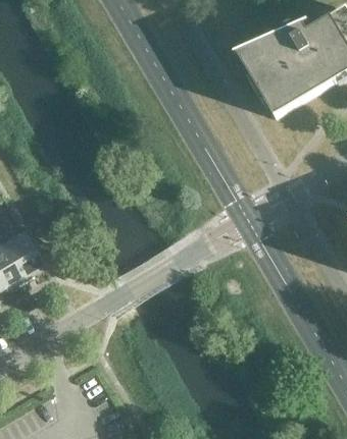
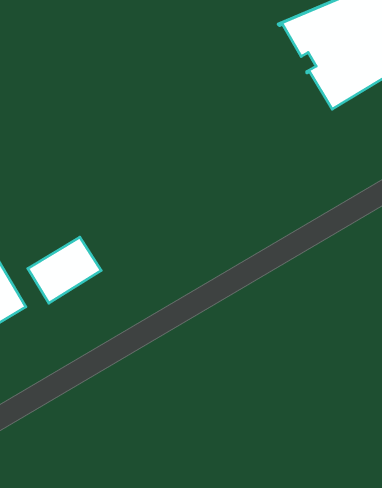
building: none -> [28,237,101,303]

